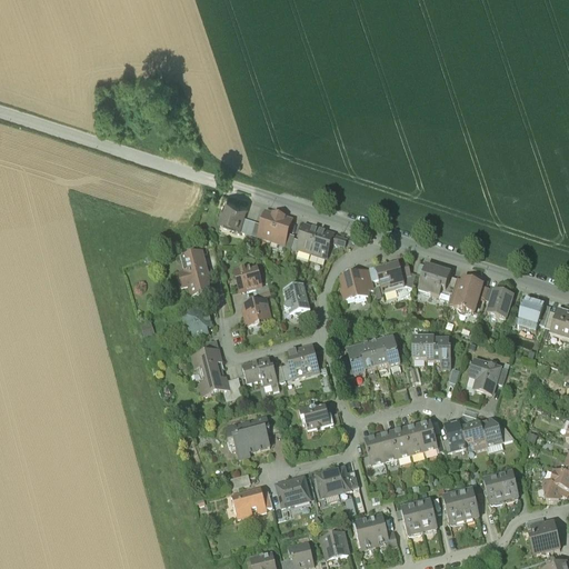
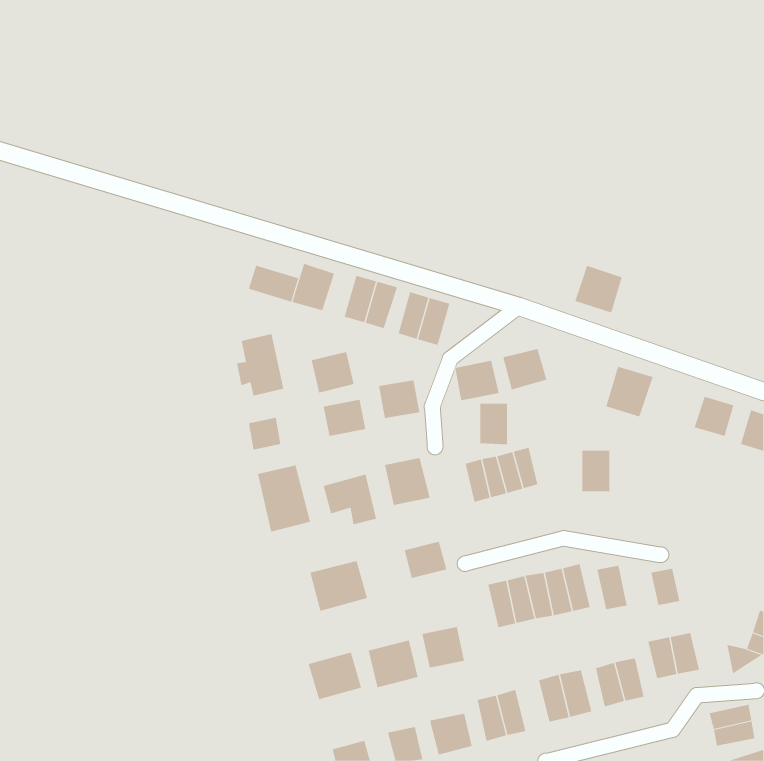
building: none -> [248,265,299,302]
building: [417,260,452,296] -> [575,265,622,313]
building: [486,286,515,317] -> none
building: [411,335,432,366] -> [479,403,508,445]
building: [467,357,505,396] -> none
building: [462,426,489,453] -> none

